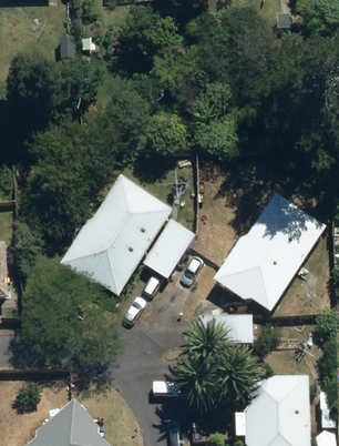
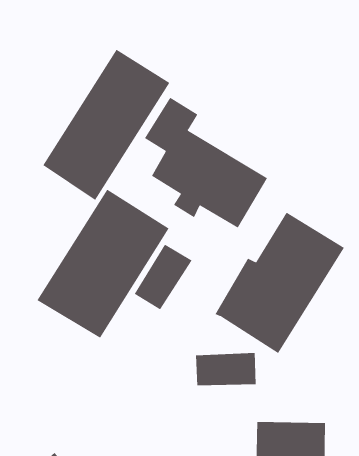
building: none -> [42,49,170,201]
building: none -> [144,97,268,228]

